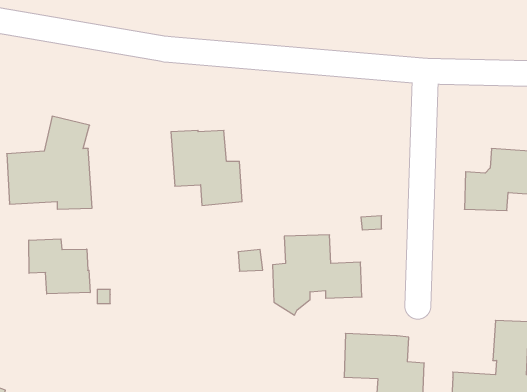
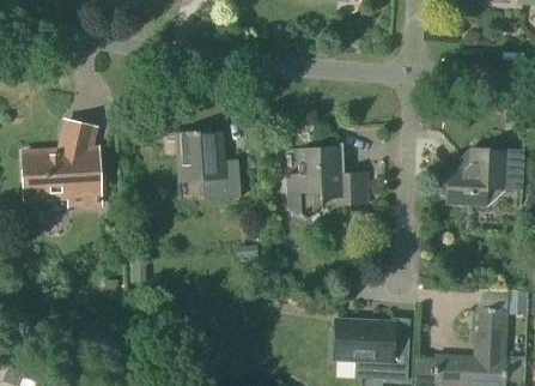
building: [273,235,362,315] -> [287,146,370,221]
building: [29,239,90,294] -> none

